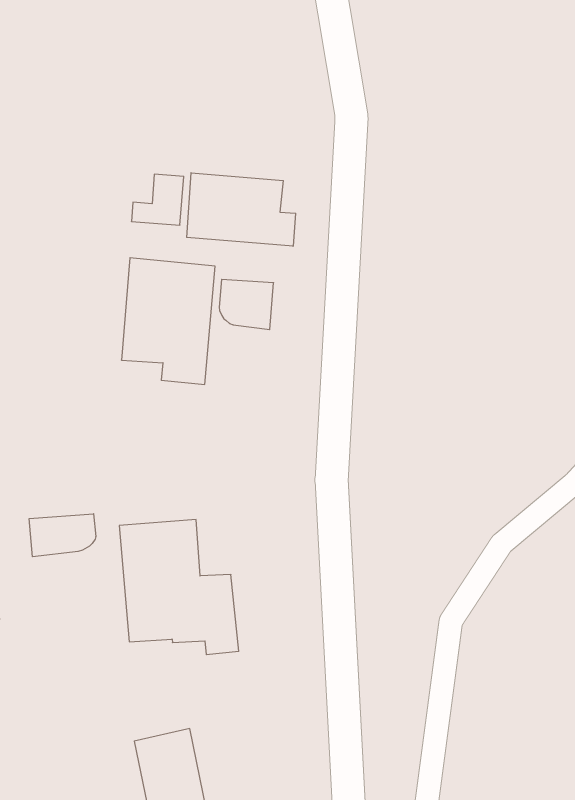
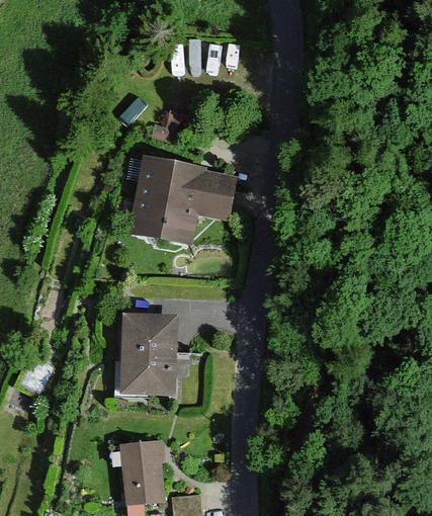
building: [187,173,296,246] -> none
building: [29,514,96,557] -> none

